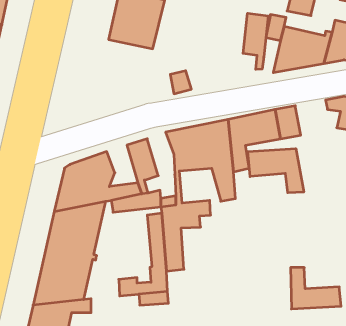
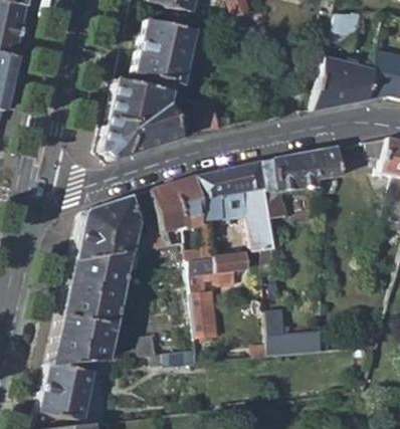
building: [243,13,268,69] -> none
building: none -> [98,79,198,160]
building: none -> [176,175,206,225]
building: [248,149,304,193] -> none
building: [291,268,341,309] -> [271,309,327,355]

